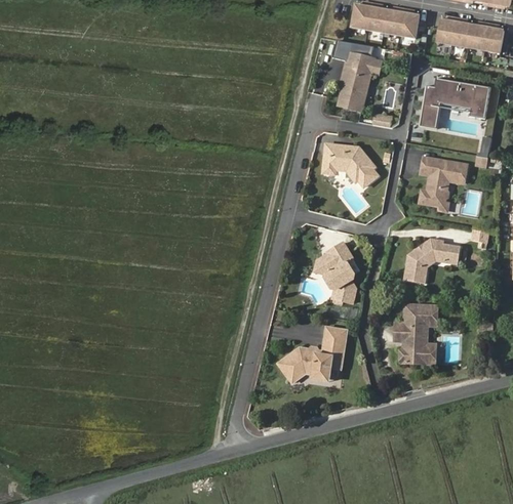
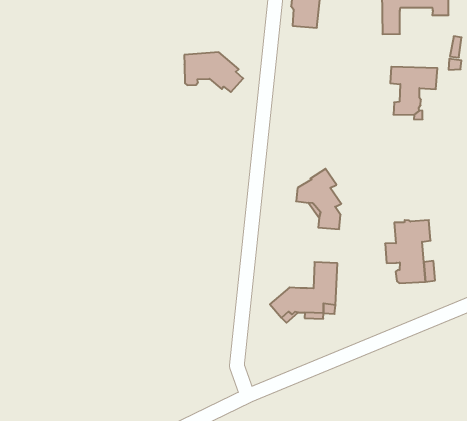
building: [322,146,378,187] -> [184,52,243,92]
building: [406,236,462,280] -> none

